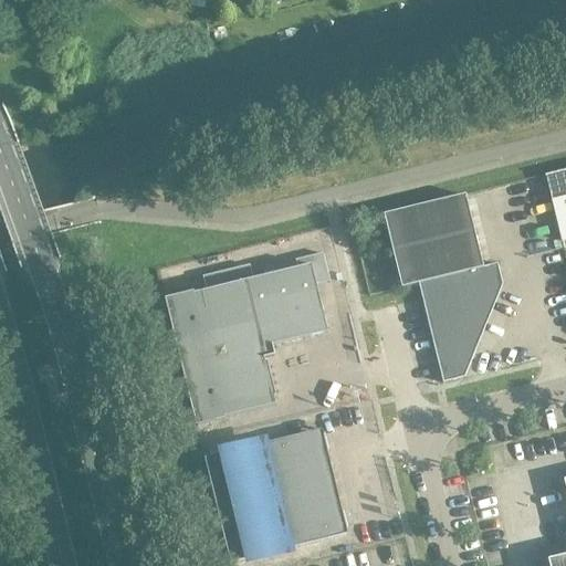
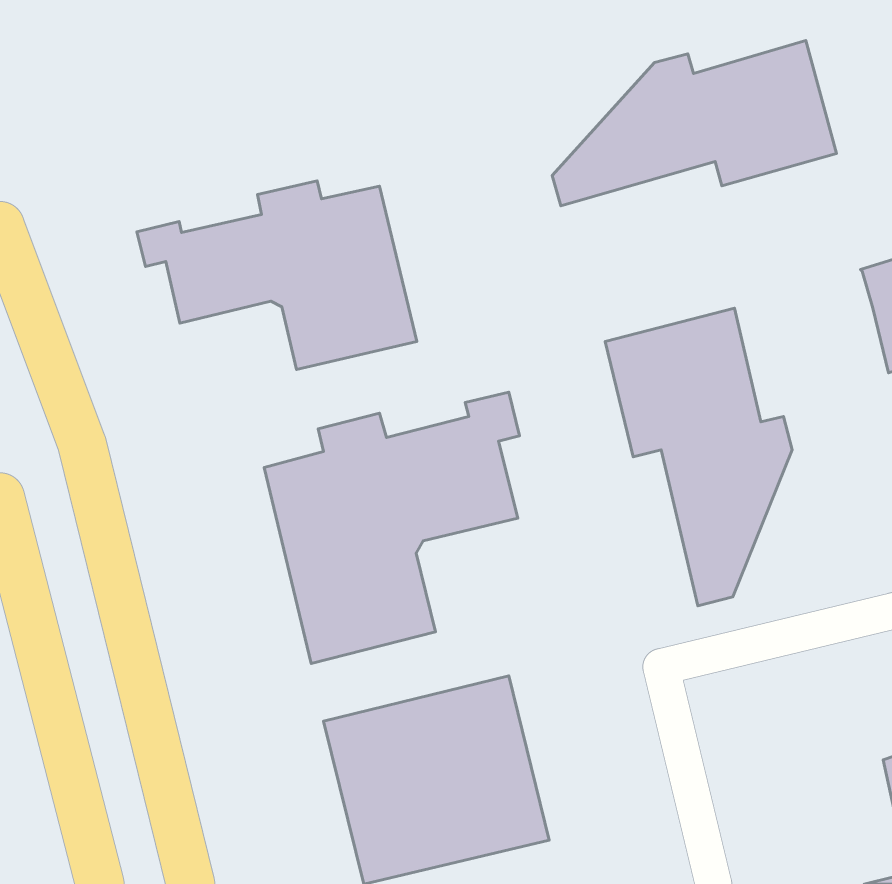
building: none -> [552,41,836,206]
building: none -> [137,181,417,369]

